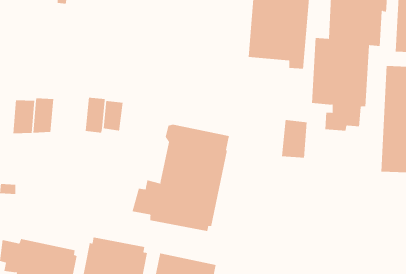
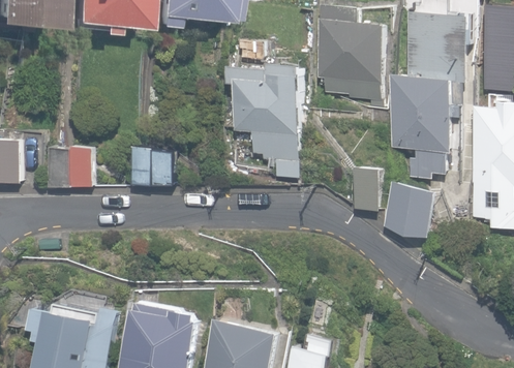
building: none -> [228,63,301,177]
building: [132,124,229,232] -> none
building: none -> [384,180,440,235]

